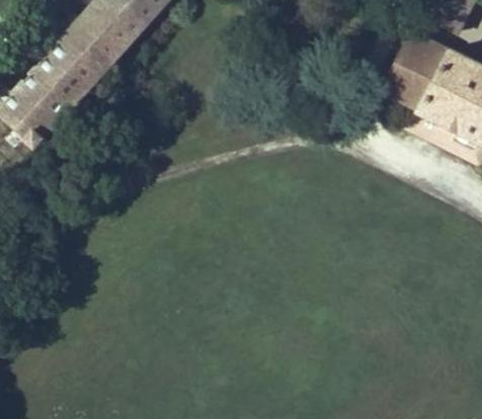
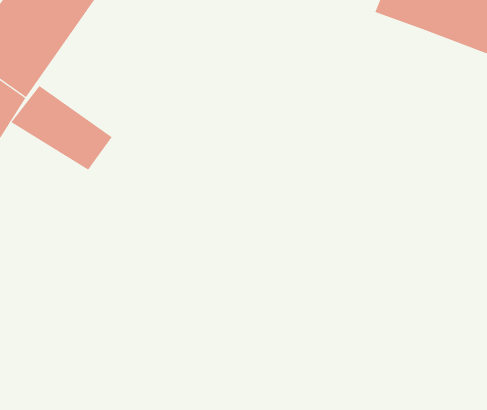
building: none -> [11,85,113,171]

